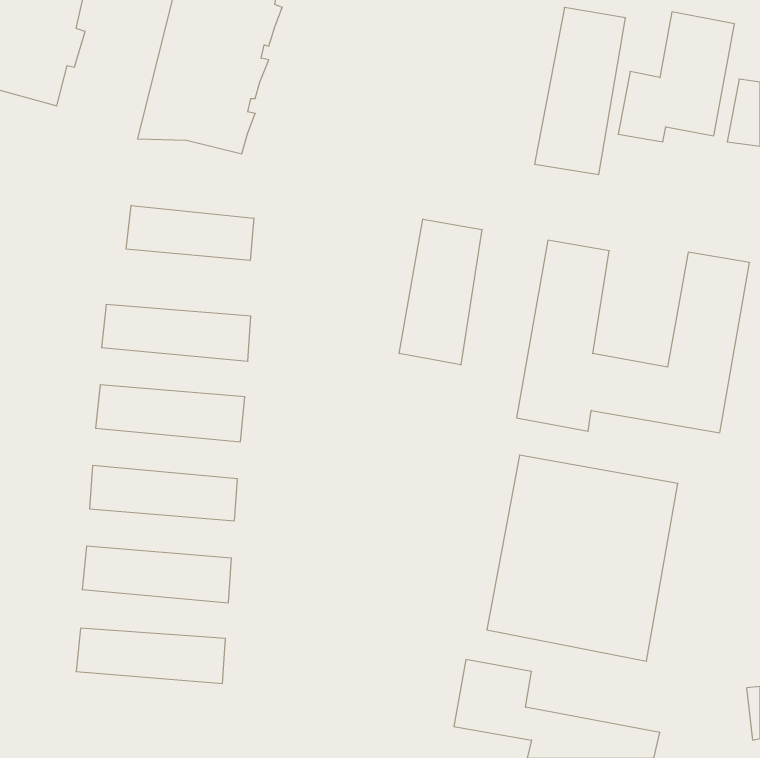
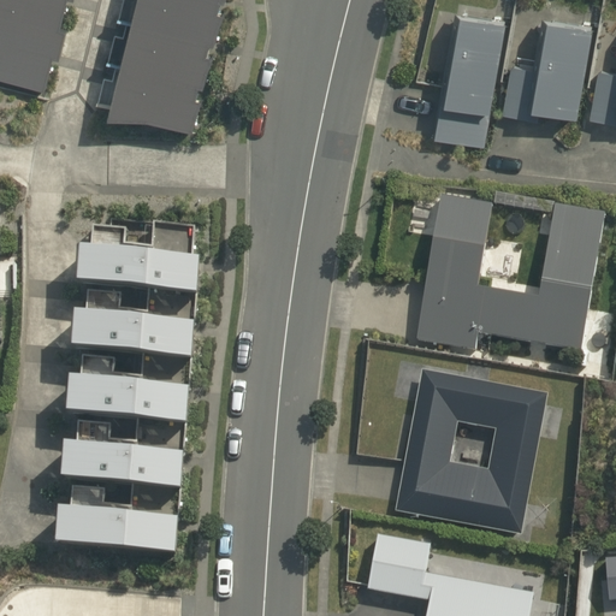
building: [126,205,254,260] -> none
building: [399,219,482,365] -> none

